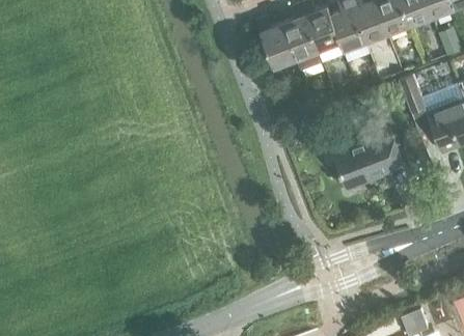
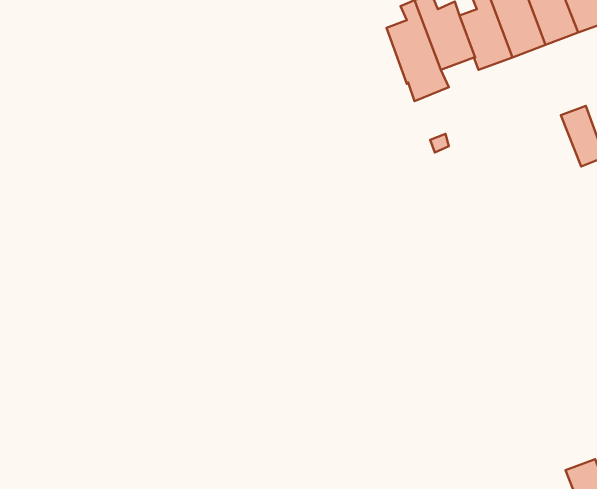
building: [256,17,296,68] -> none
building: [334,128,404,190] -> none

